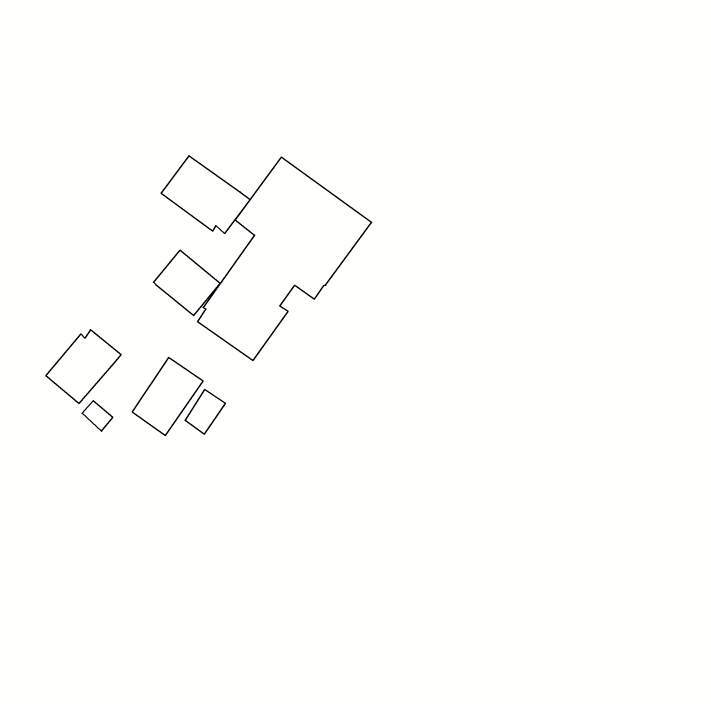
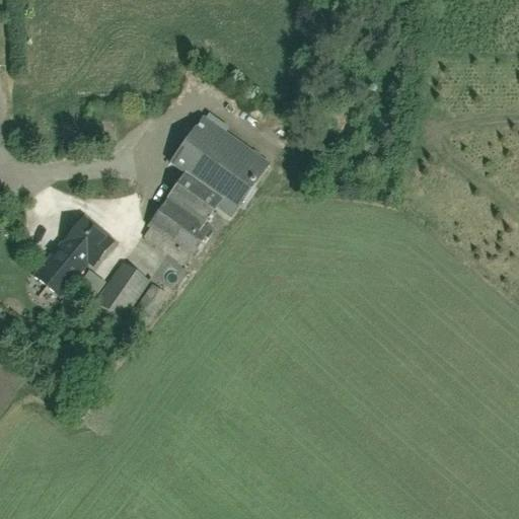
building: [161,156,250,233] -> none
building: [153,250,220,316] -> [64,215,113,263]

